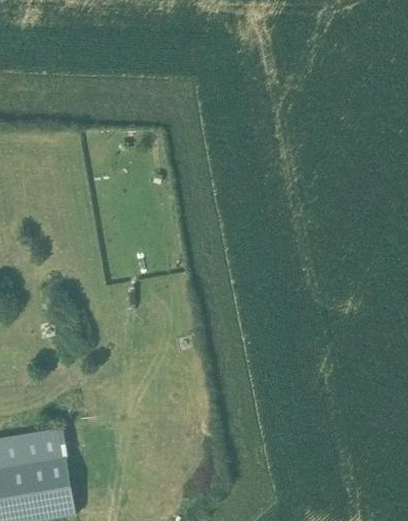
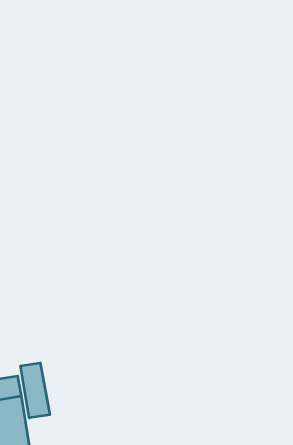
building: none -> [21,363,50,418]

